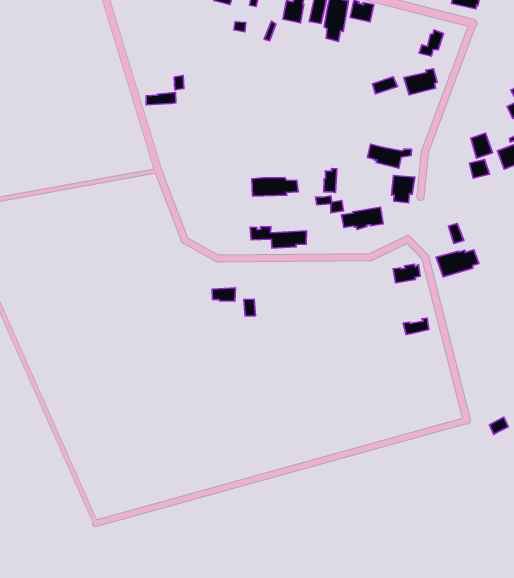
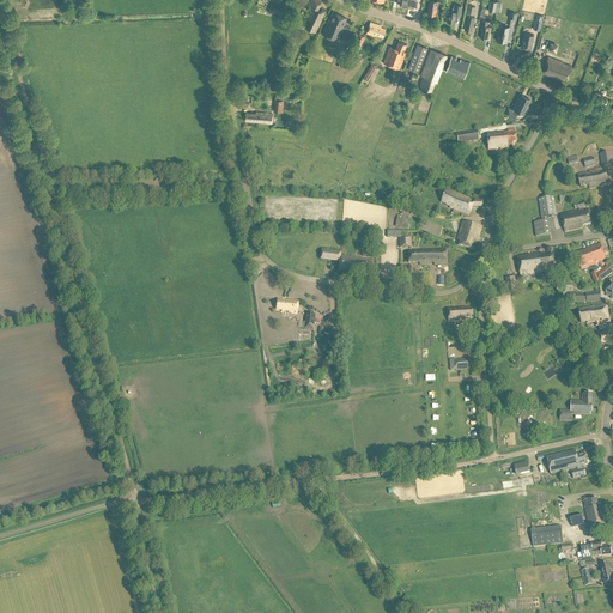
building: [252,177,298,196] -> none
building: [436,250,479,277] -> [517,253,556,274]

